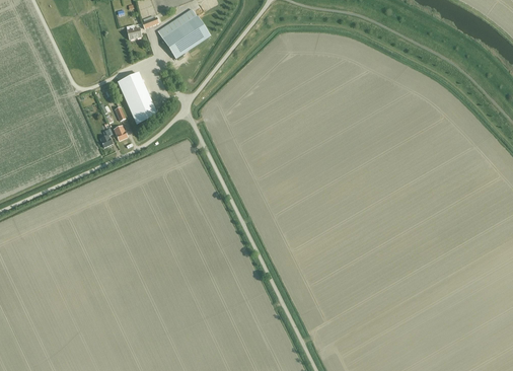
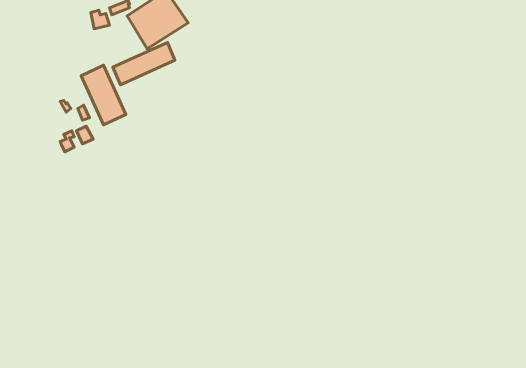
building: none -> [113,42,175,85]

